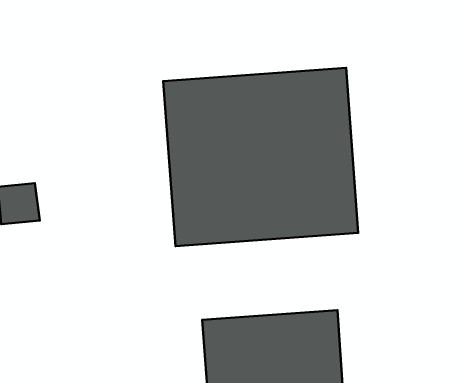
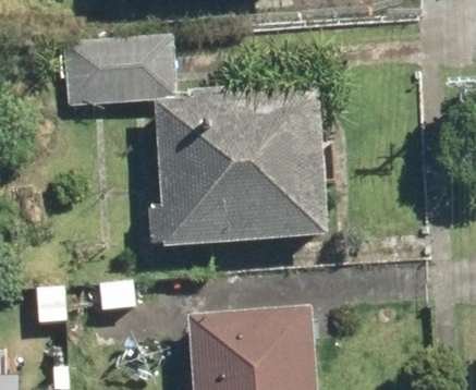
building: none -> [65,32,176,103]

